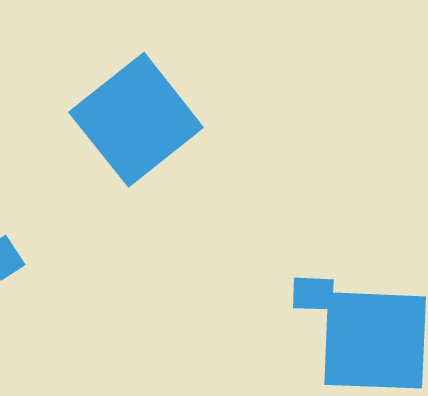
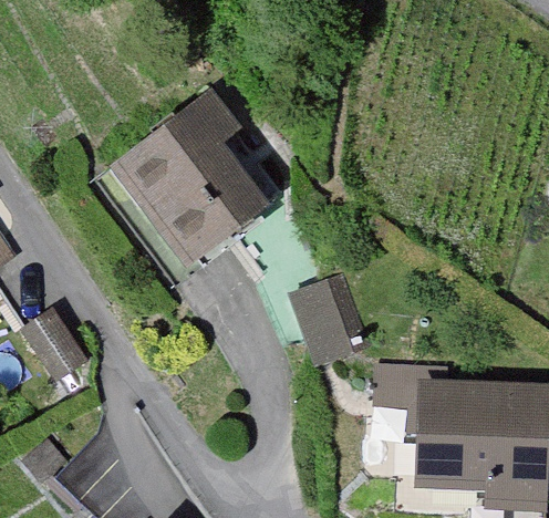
building: none -> [278,262,363,356]

